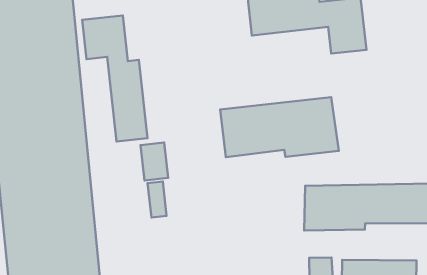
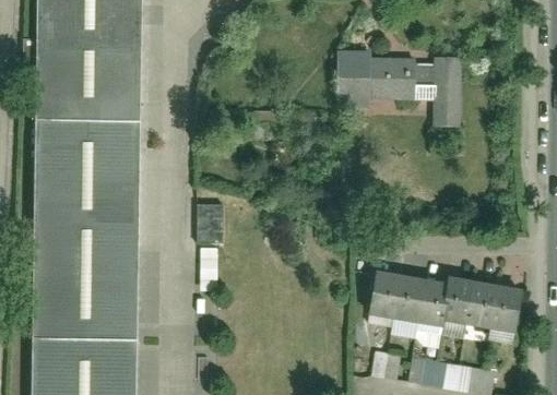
building: [82,15,148,142] -> none
building: [220,97,339,157] -> none

